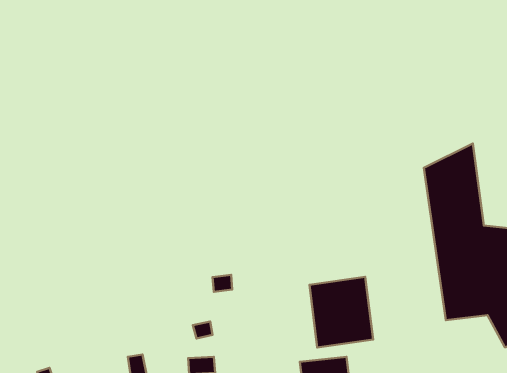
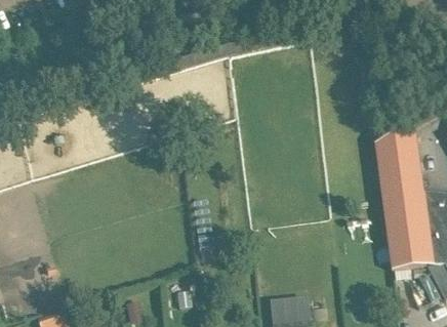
building: [309,277,373,347] -> none

